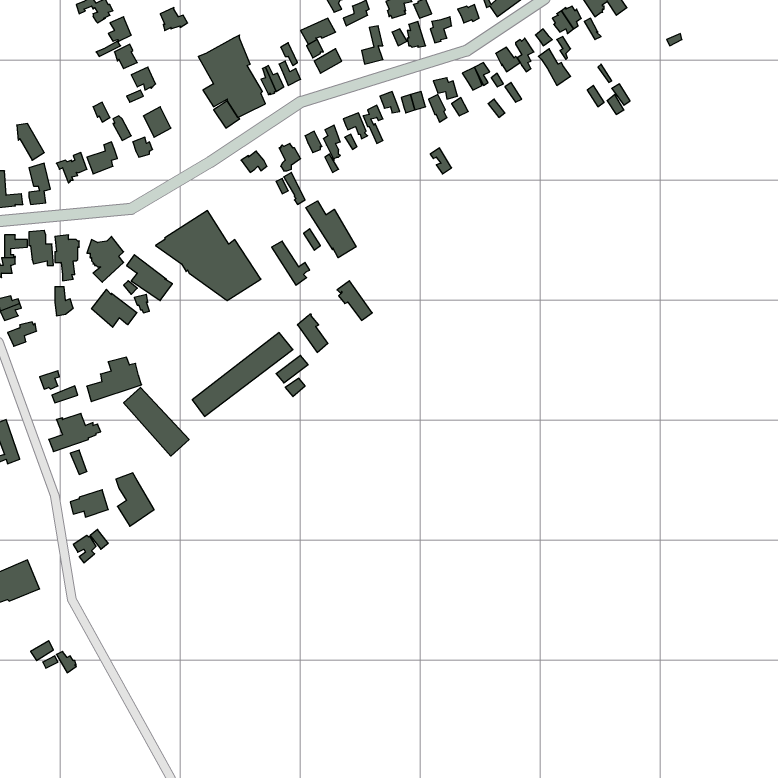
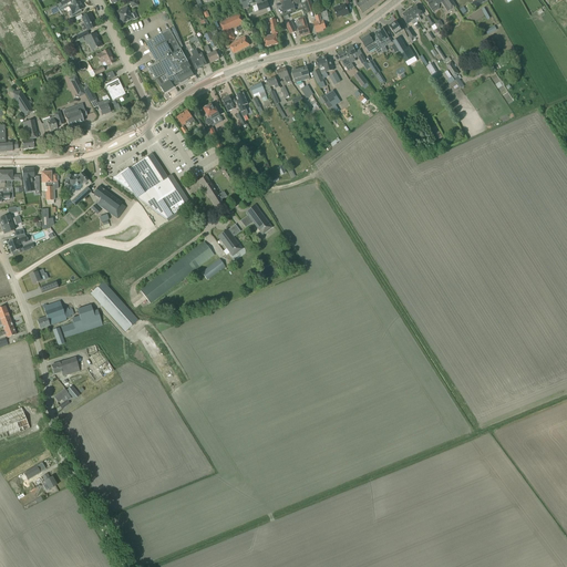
building: [306,201,356,258] -> none
building: [92,289,137,327] -> none
building: [87,357,142,402] -> [61,305,101,337]

